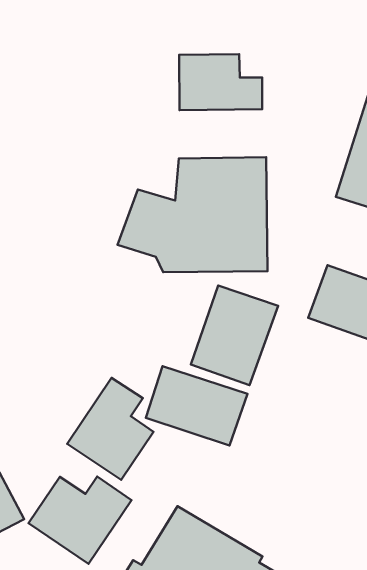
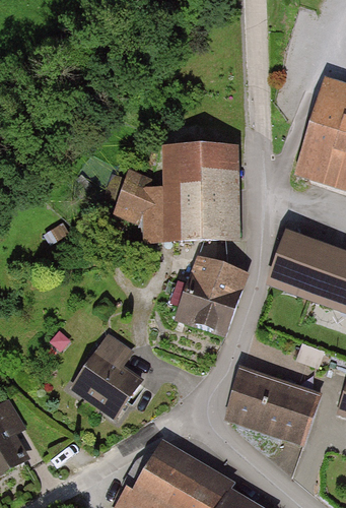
building: [179,54,262,110] -> none
building: [146,366,248,445] -> [225,371,312,438]
building: [29,476,132,564] -> none

